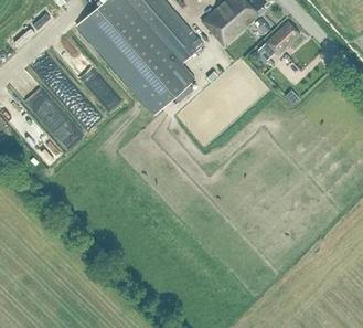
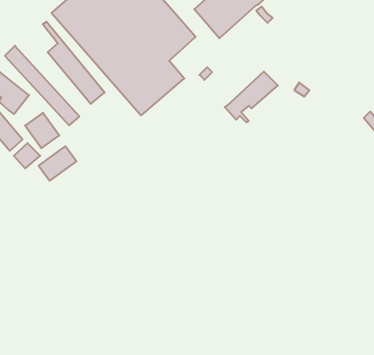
building: [253,23,299,67] -> [225,72,278,122]
building: none -> [39,146,76,181]

